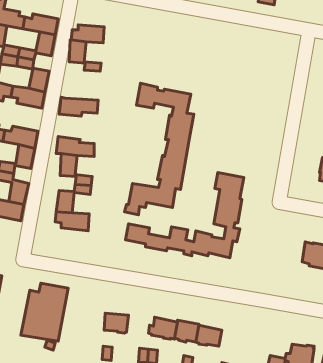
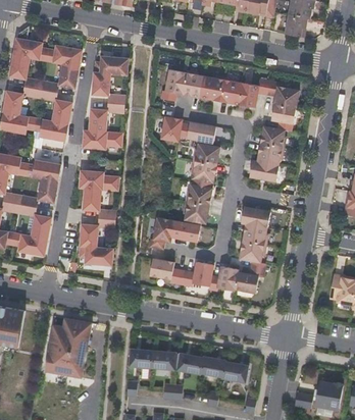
building: none -> [161,68,299,181]
building: none -> [89,102,124,132]
building: none -> [151,351,180,370]

